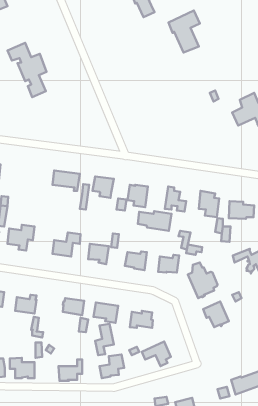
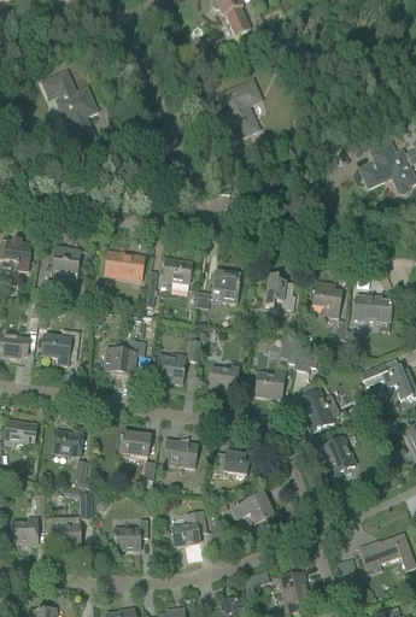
building: [168,11,200,52] -> [216,78,260,137]
building: none -> [45,246,81,276]
building: [138,211,172,231] -> none
building: [95,324,114,355] -> none

